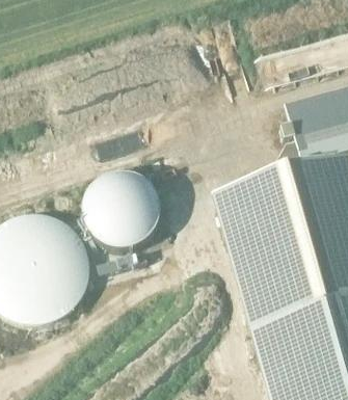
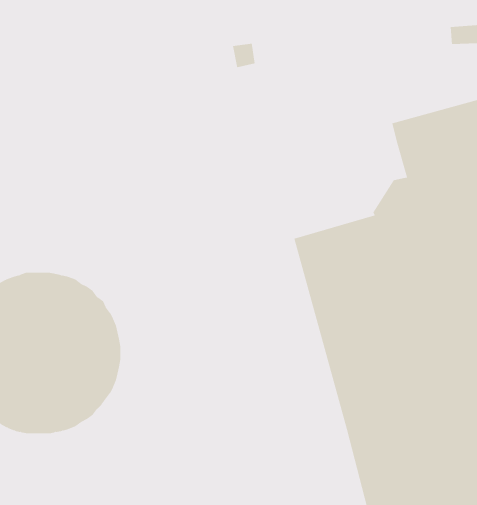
building: [82,171,160,248] -> none

